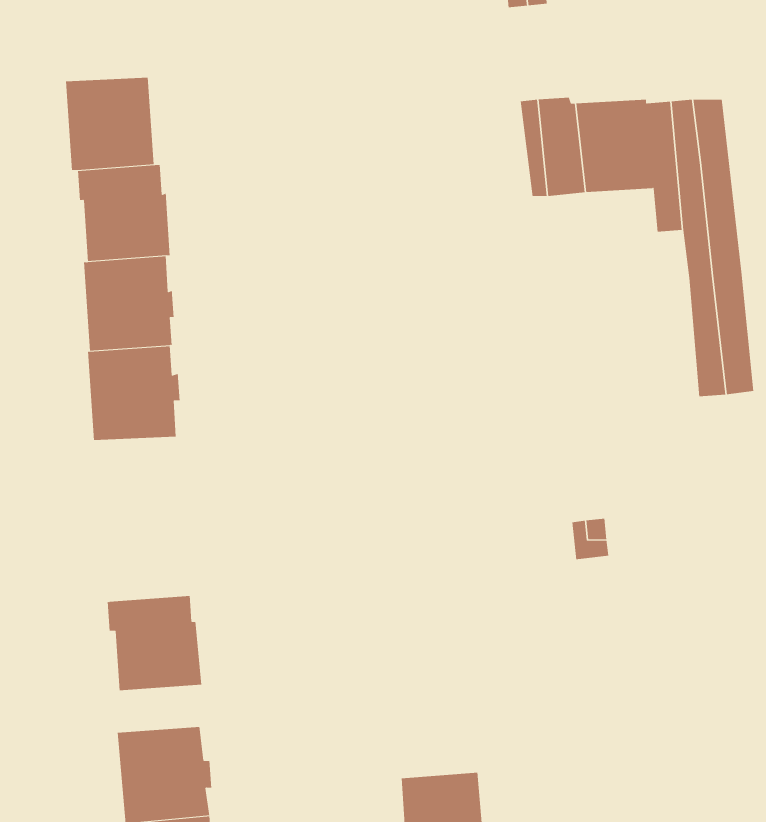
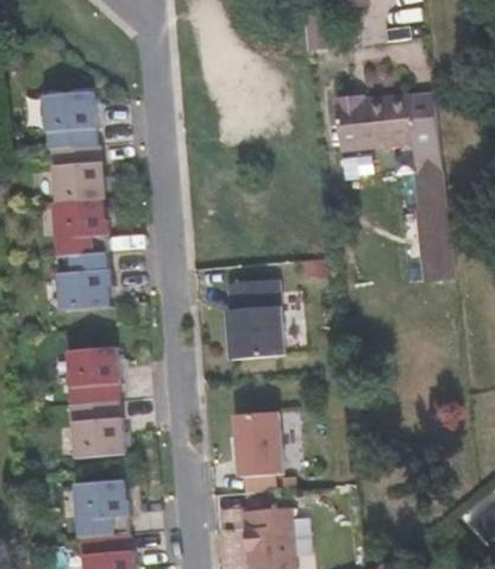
building: none -> [226,277,283,357]
building: none -> [67,345,118,404]
building: none -> [234,409,281,475]

